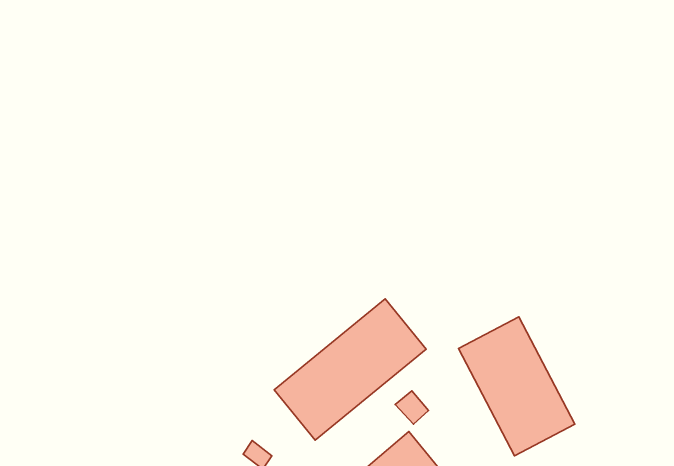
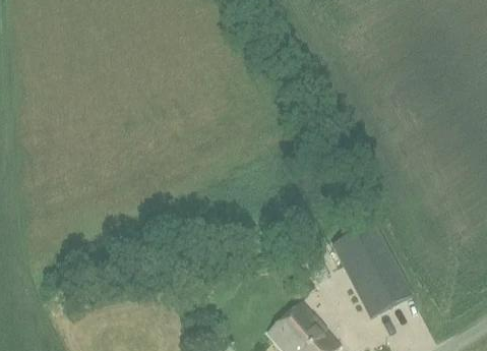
building: [274,299,426,440] -> none

